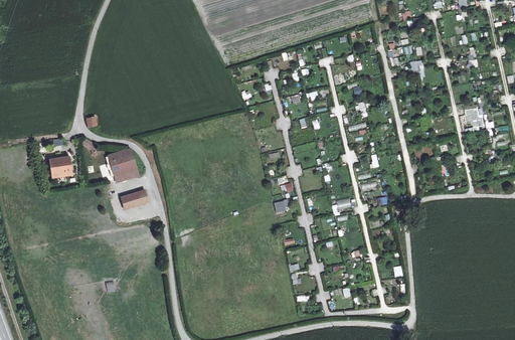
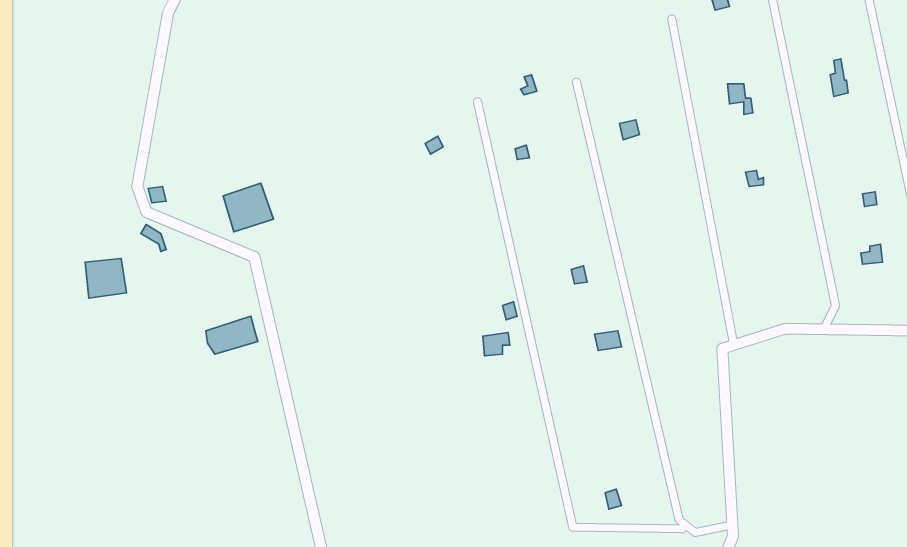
building: [108,148,136,175] -> [223,183,273,232]

